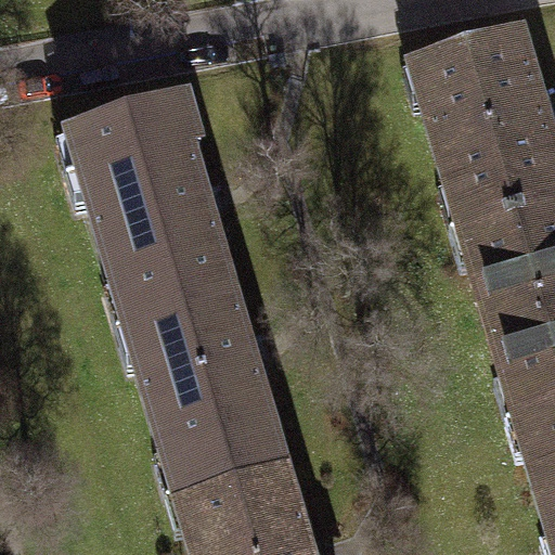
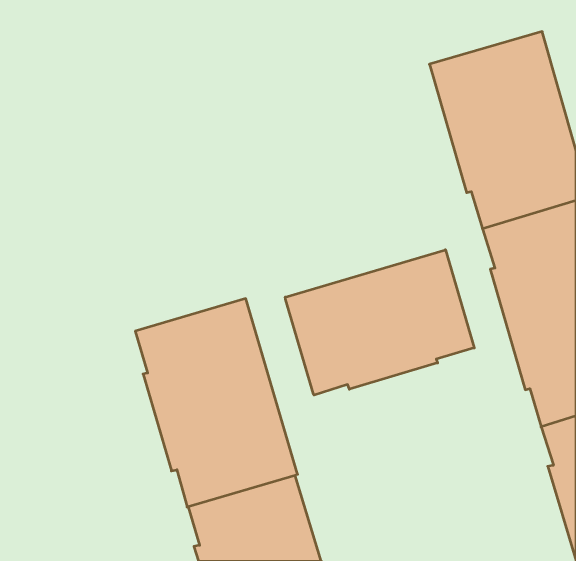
building: [68,90,236,319] -> none
building: none -> [285,250,474,395]

